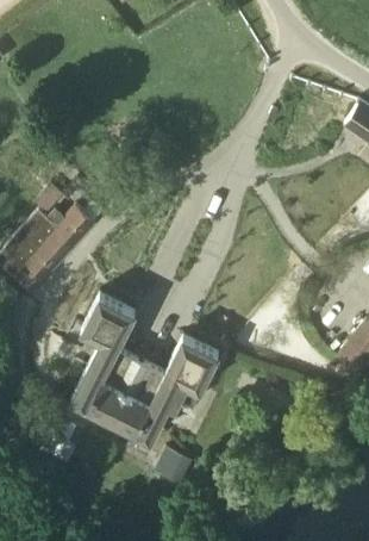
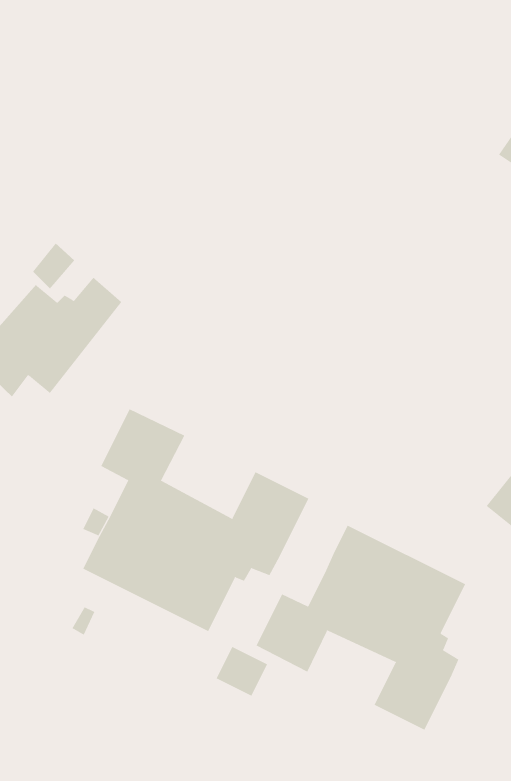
building: none -> [256,525,466,730]

